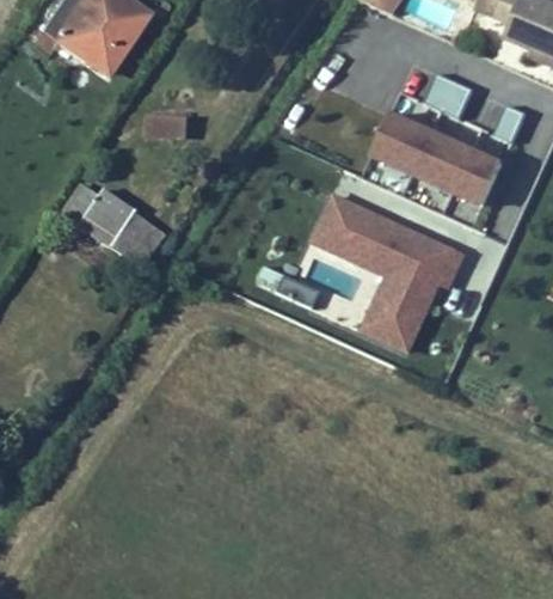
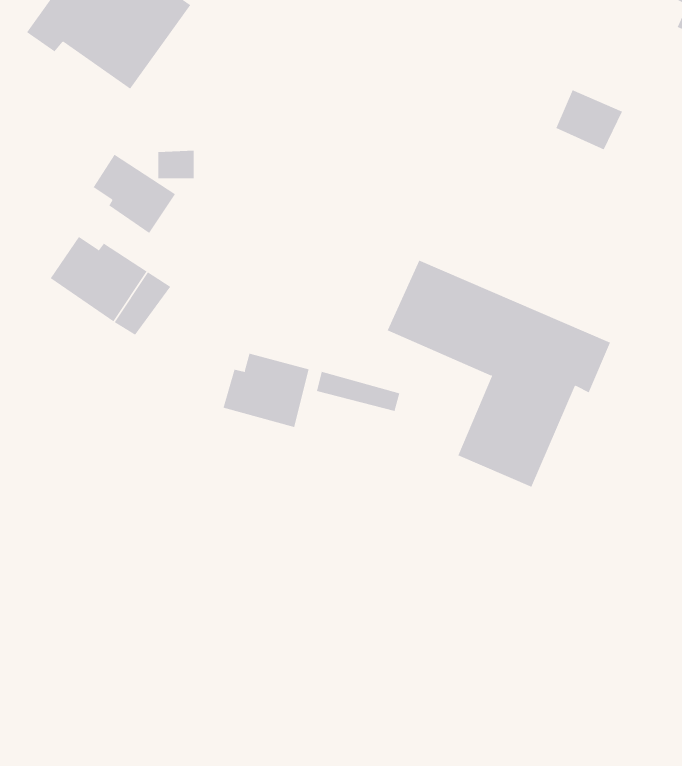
building: [368,111,505,209] -> none
building: none -> [93,154,176,234]
building: none -> [223,353,309,428]

